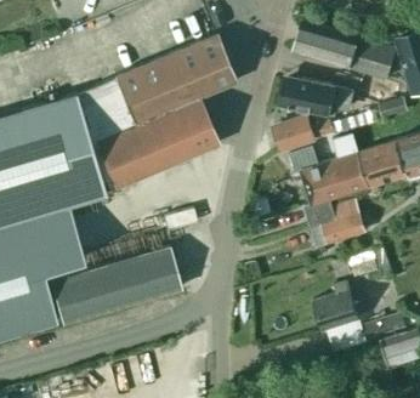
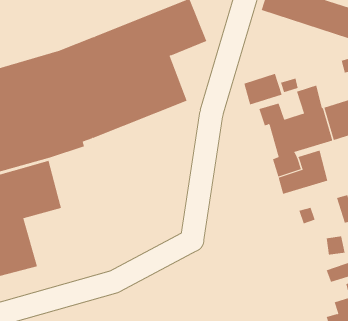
building: [278,79,352,116] -> none
building: [51,249,180,323] -> none
building: [313,282,359,331] -> none

